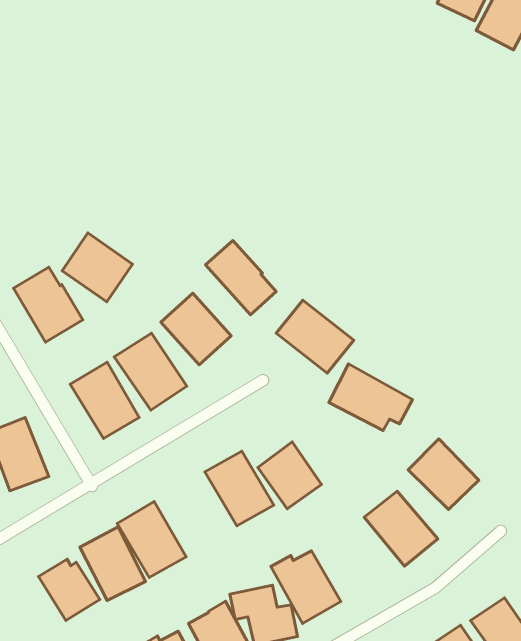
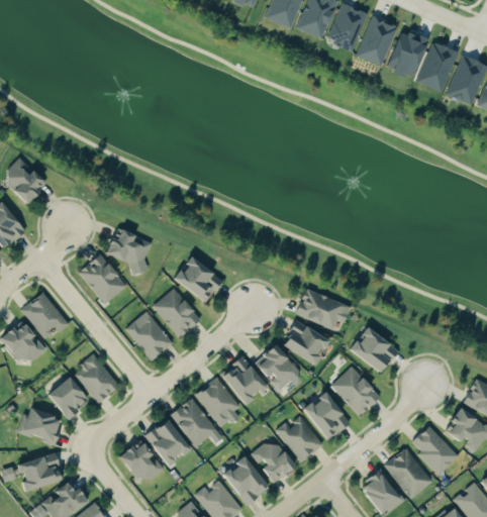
building: [206,240,276,315] -> none
building: [276,300,354,373] -> [280,320,331,366]
building: none -> [196,379,237,429]
building: none -> [305,392,348,440]

